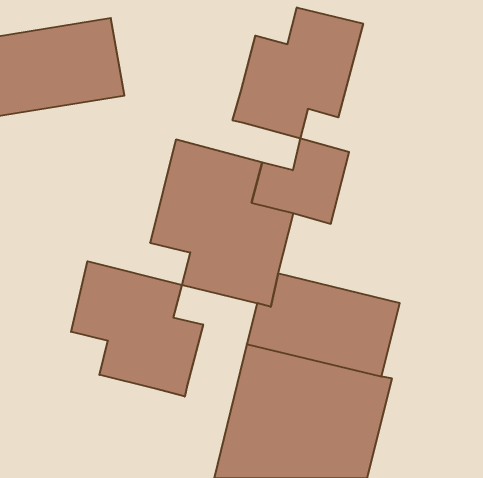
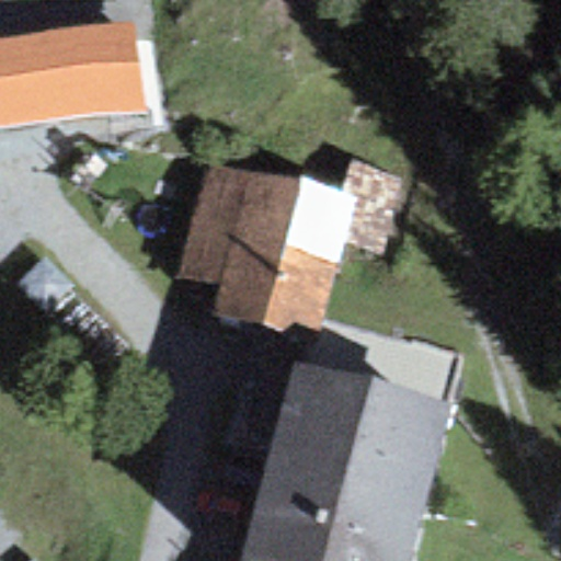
building: [233,7,363,139] -> none
building: [71,261,203,397] -> none

